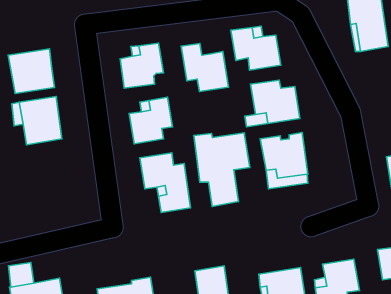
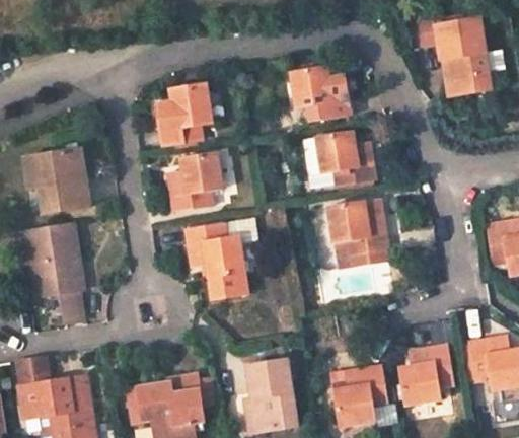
building: [181,44,229,92] -> none
building: [8,49,55,93] -> none
building: [194,133,250,206] -> none
building: none -> [27,223,81,321]

